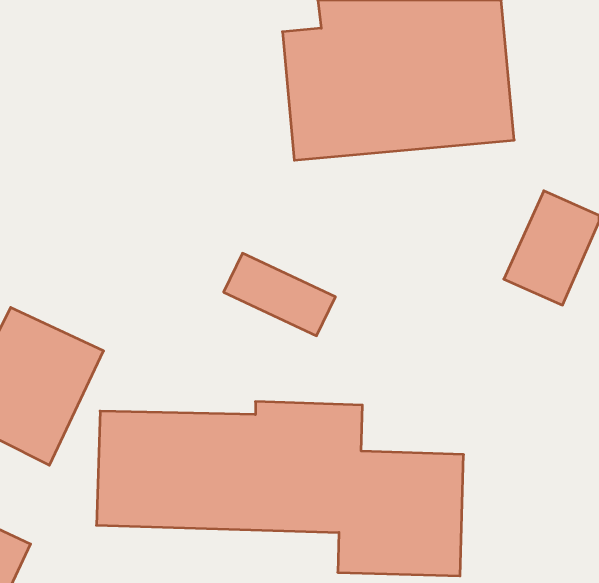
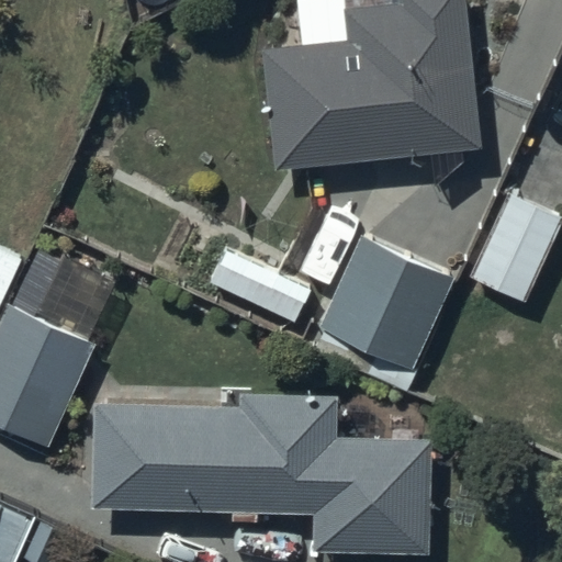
building: none -> [316,238,453,373]

